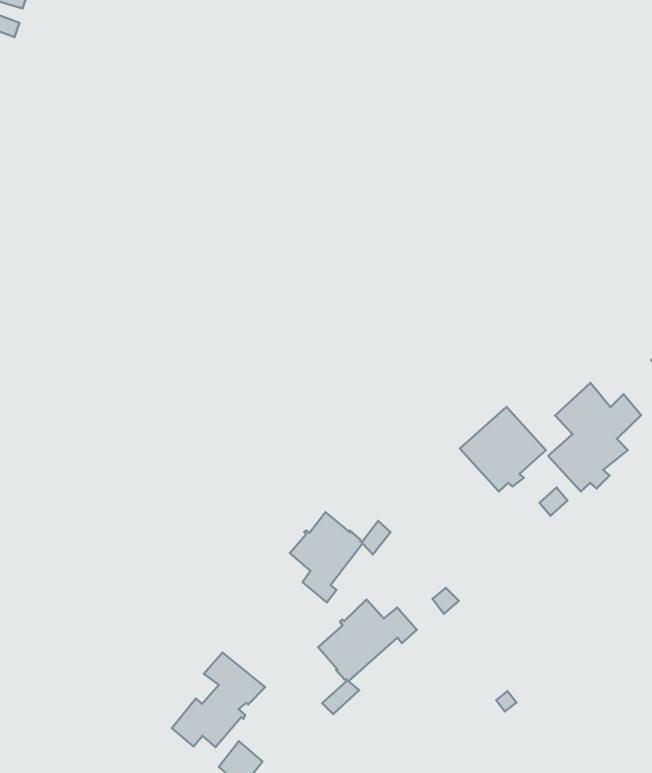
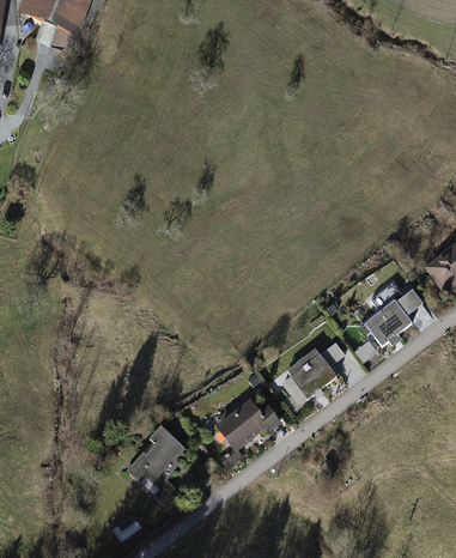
building: [460,407,546,492] -> [285,347,336,398]
building: [290,512,391,603] -> none

